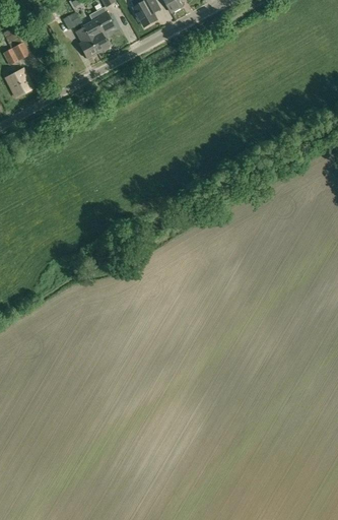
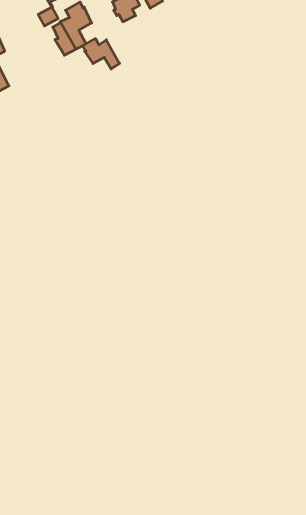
building: none -> [83,39,120,69]

